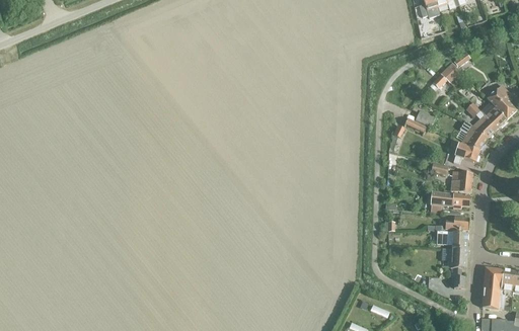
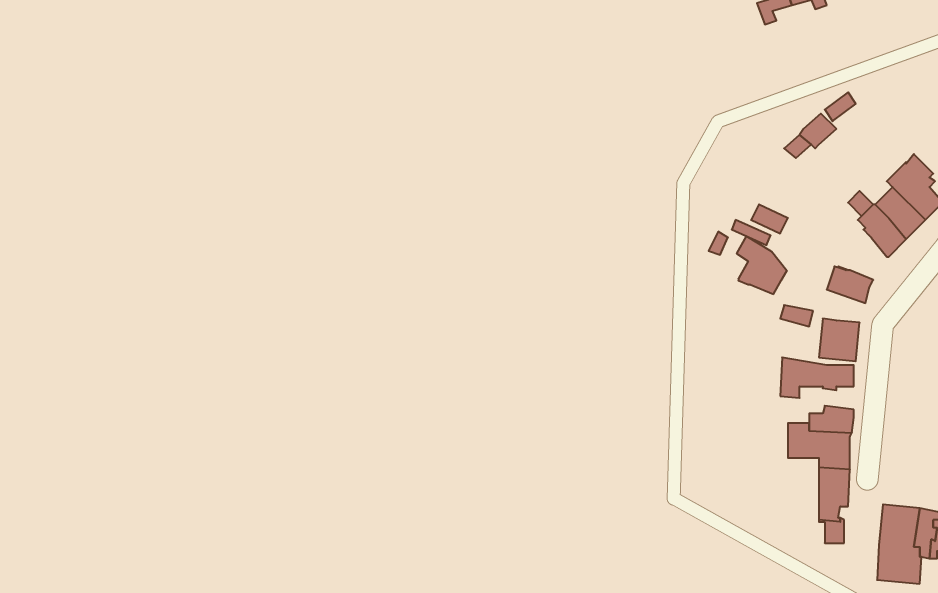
building: [459,120,486,151] -> [737,236,787,294]

